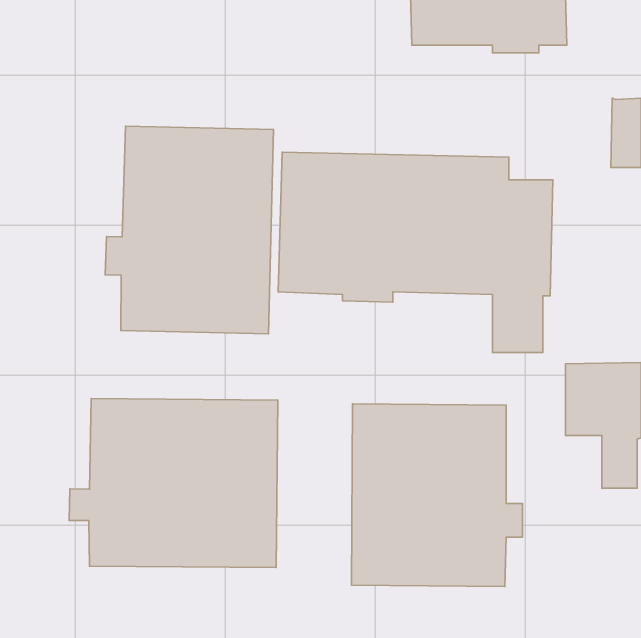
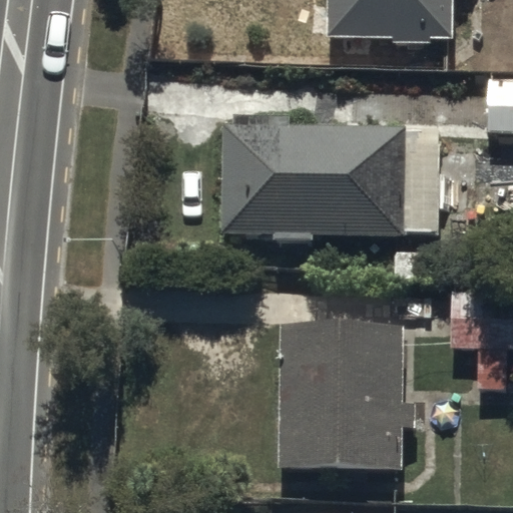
building: [105,126,273,334] -> none
building: [69,399,278,568] -> none

